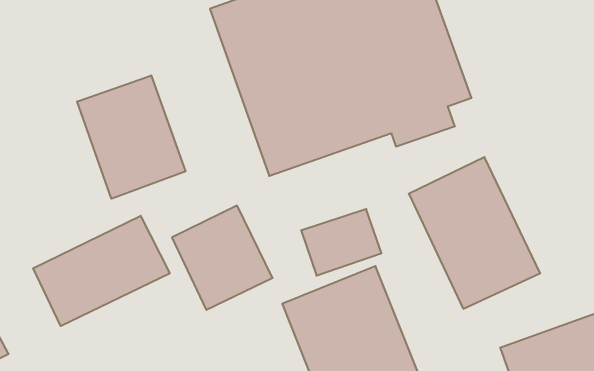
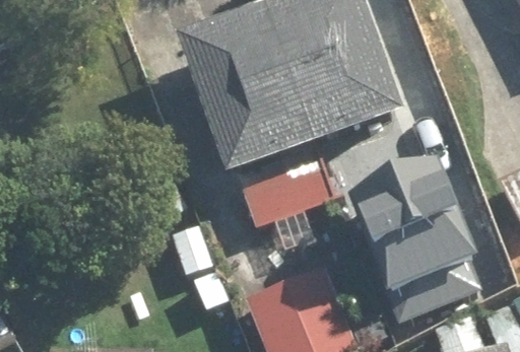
building: [77,75,186,199] -> none
building: [33,216,170,326] -> none

